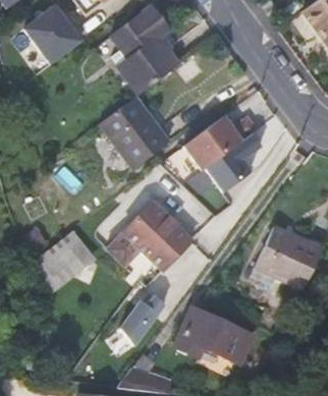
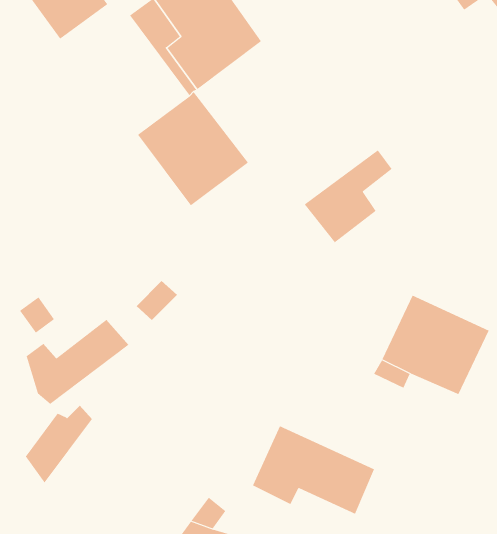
building: [185,116,258,169] -> none
building: [108,202,193,286] -> none
building: [122,294,165,344] -> [25,405,93,484]

